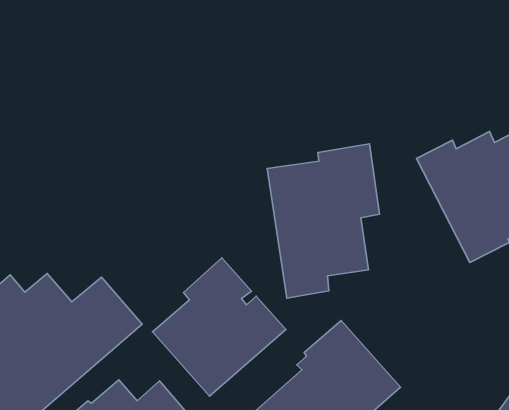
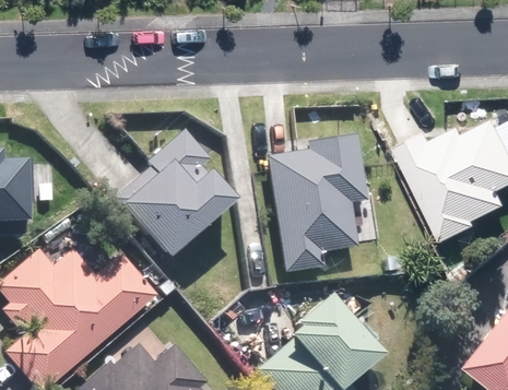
building: [152,258,286,396] -> [123,130,241,252]

